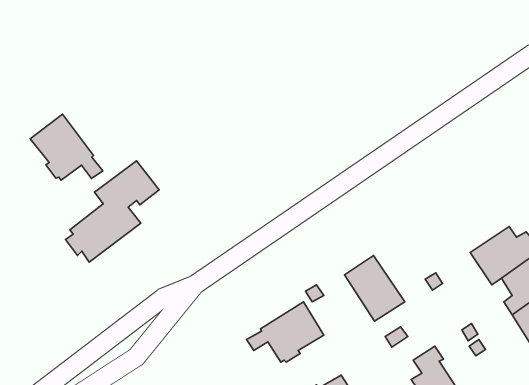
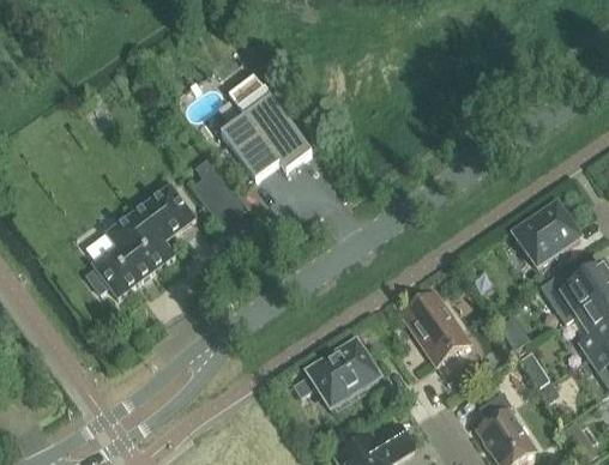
building: none -> [221,76,312,179]
building: [30,114,103,180] -> none
building: none -> [514,203,579,265]

